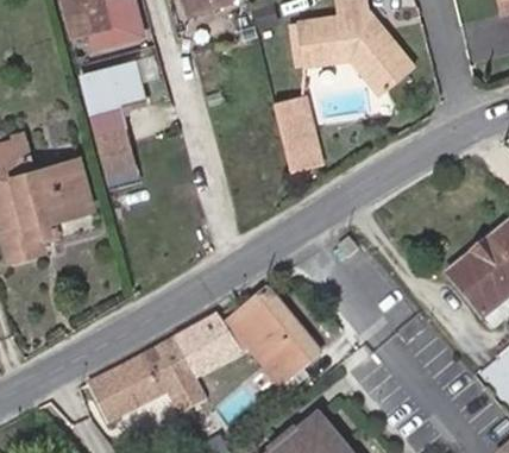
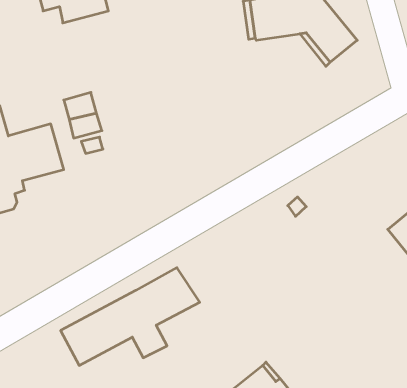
building: [80,59,145,115] -> none
building: [274,94,321,171] -> none
building: [228,290,318,385] -> none

